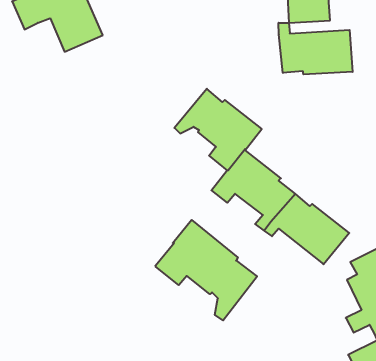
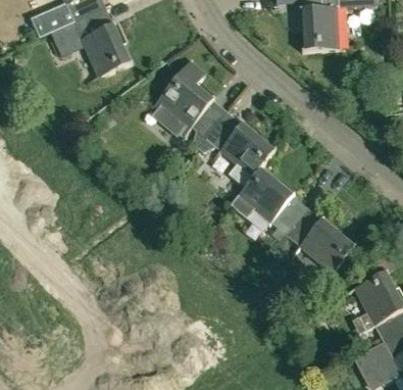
building: [279,23,353,74] -> none
building: none -> [150,58,228,148]
building: [155,220,257,320] -> none

